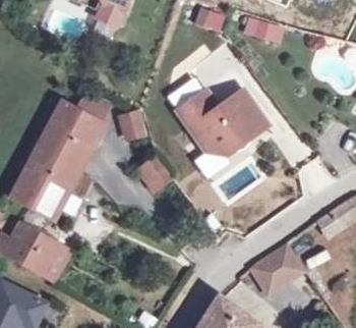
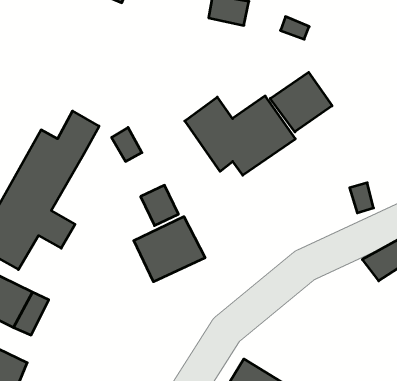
building: none -> [270,72,332,132]
building: none -> [134,217,205,282]
building: [255,241,303,291] -> none

